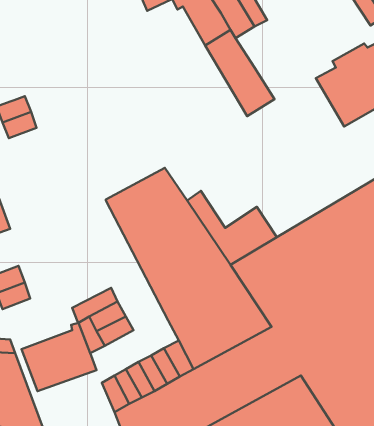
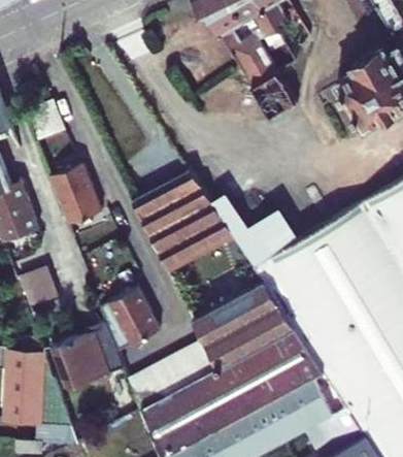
building: none -> [52,163,103,224]

